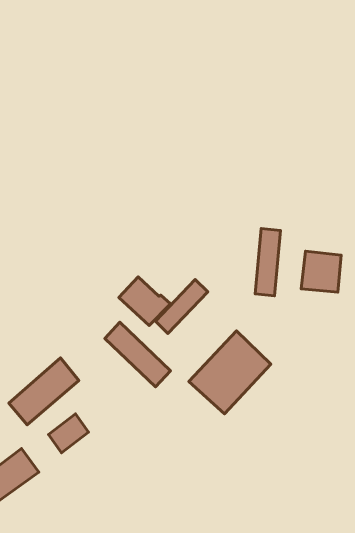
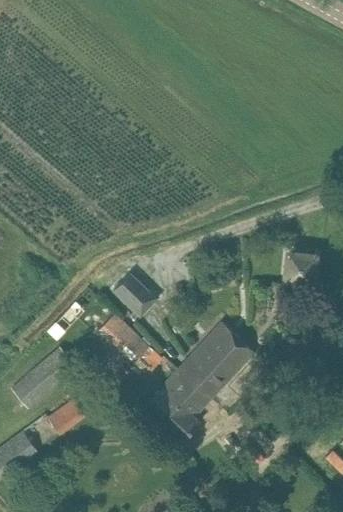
building: [255,229,280,296] -> none
building: [155,280,208,334] -> none
building: none -> [144,368,211,440]

